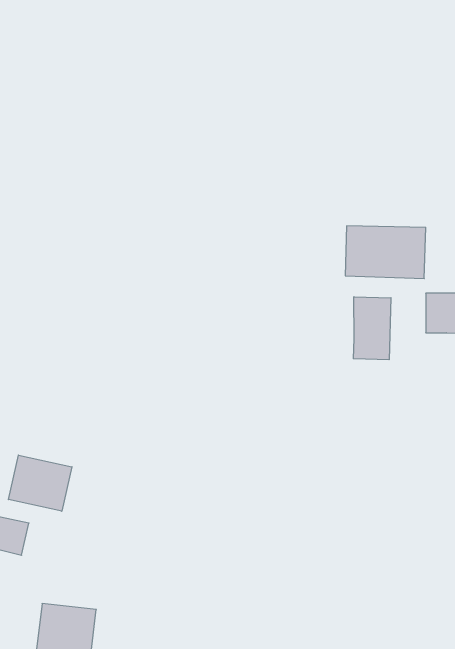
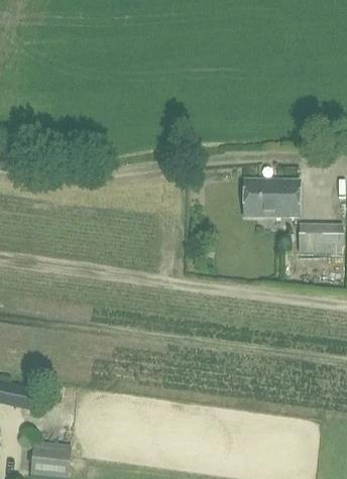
building: [353,297,391,360] -> none
building: [8,455,72,511] -> none

